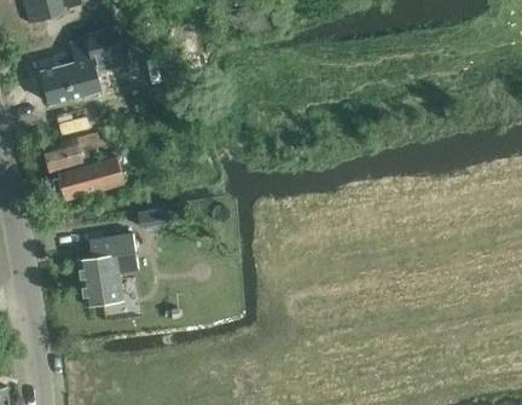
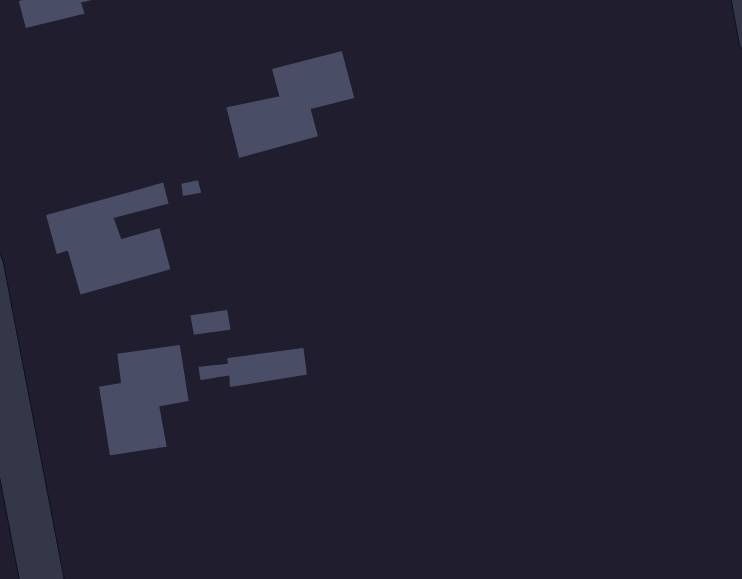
building: [39,31,124,103] -> [226,51,355,158]
building: none -> [198,347,308,388]

